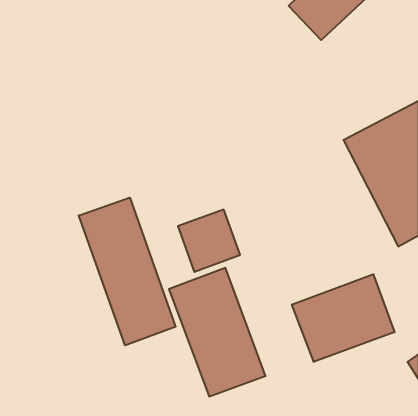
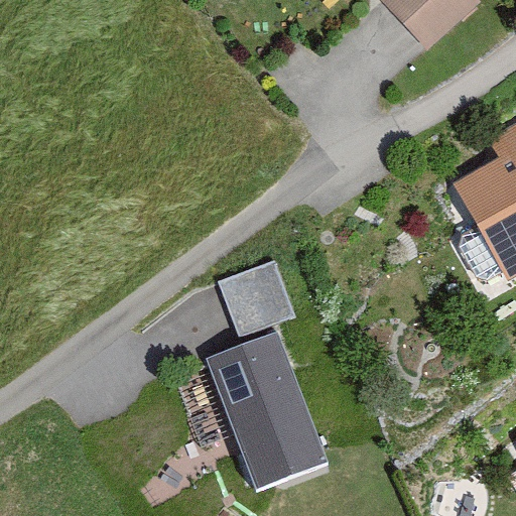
building: [79,198,176,345] -> none
building: [292,274,395,362] -> none

